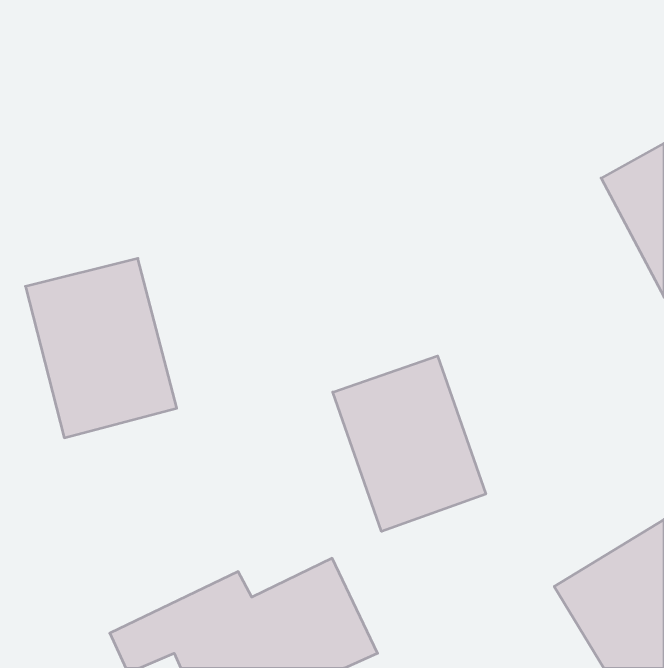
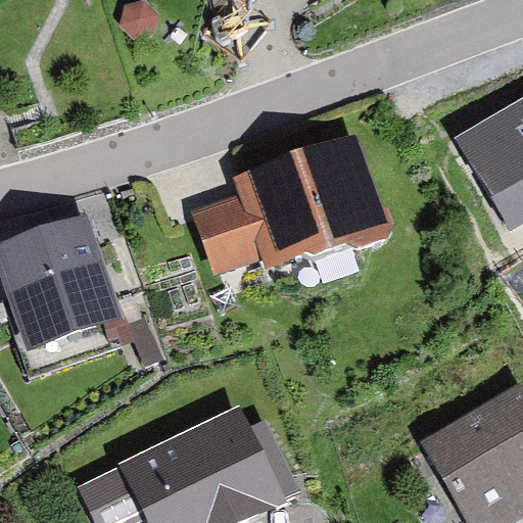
building: none -> [193,143,383,275]
building: [333,356,486,531] -> none

